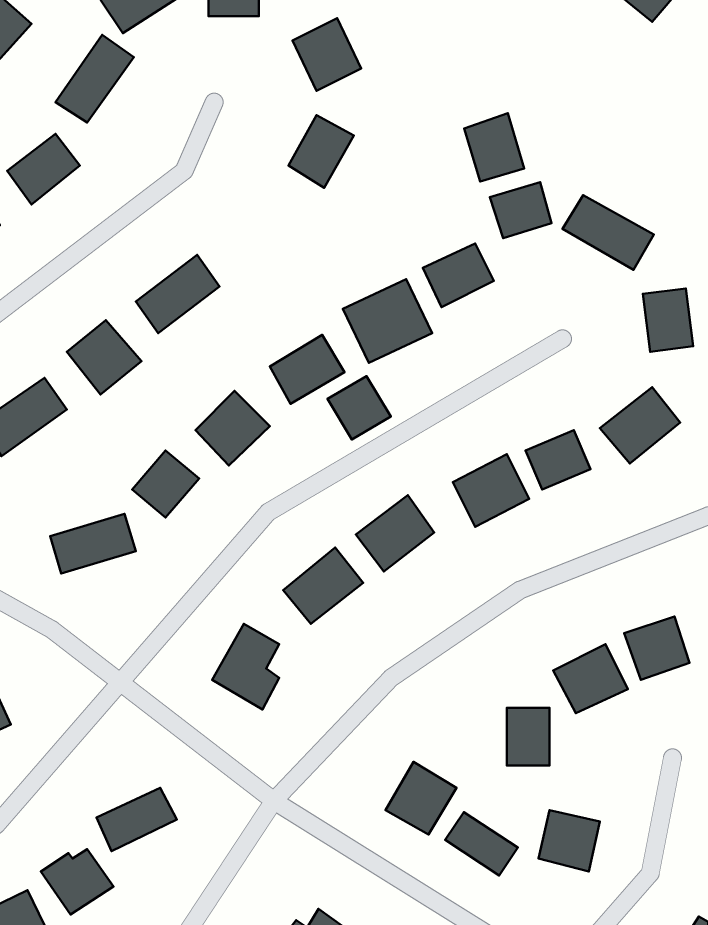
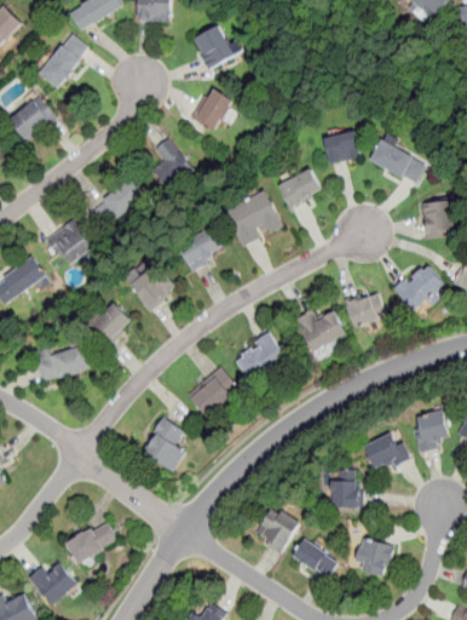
building: [464,113,524,182] -> none
building: none -> [150,136,195,190]
building: [327,376,391,439] -> none

